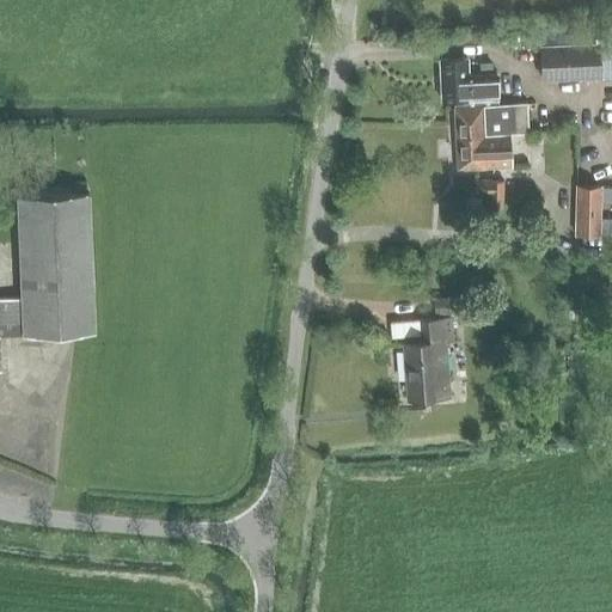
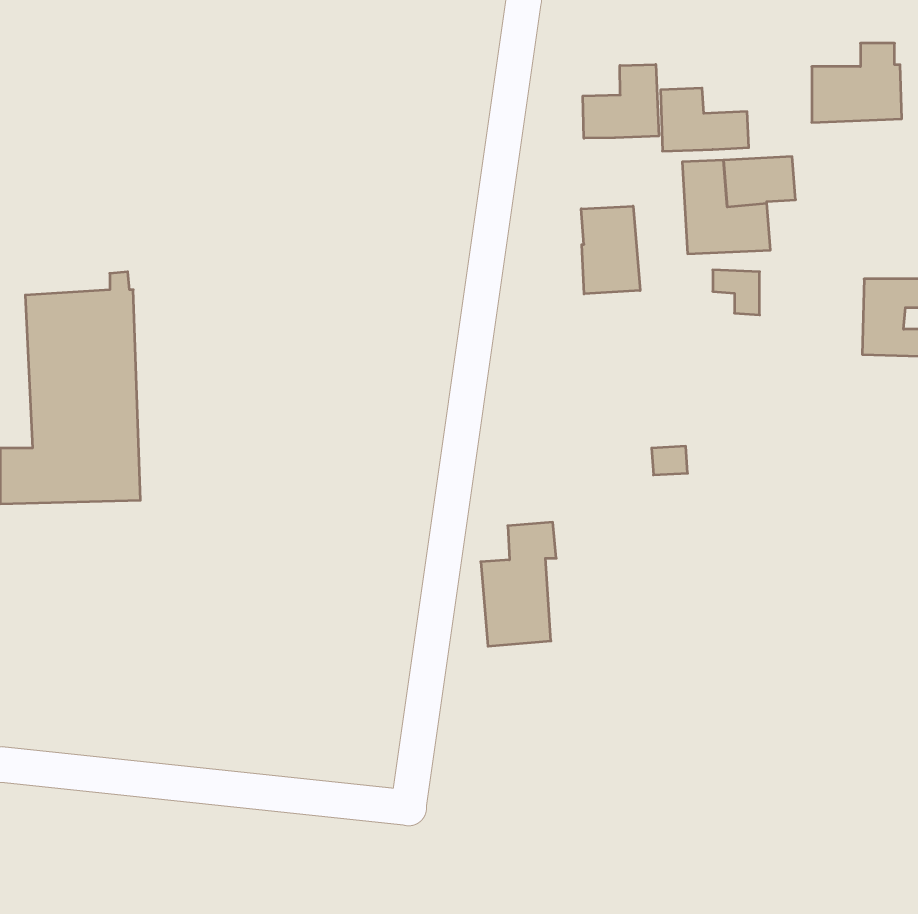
building: none -> [583,64,659,138]
building: none -> [581,206,640,294]
building: [403,320,453,403] -> [481,522,556,646]

